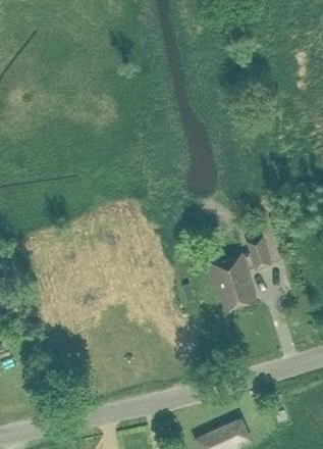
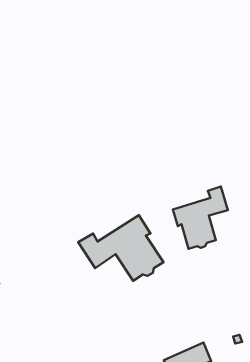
building: none -> [78,215,164,281]

